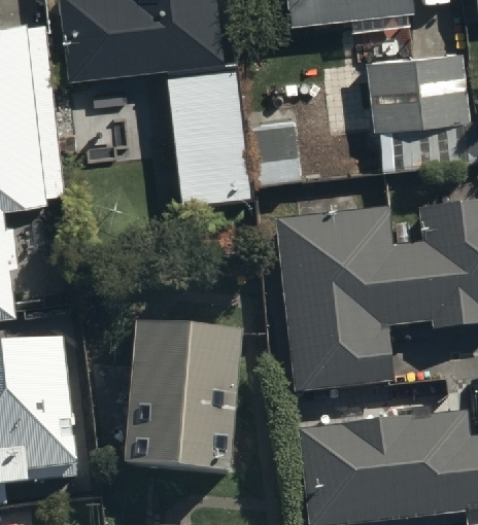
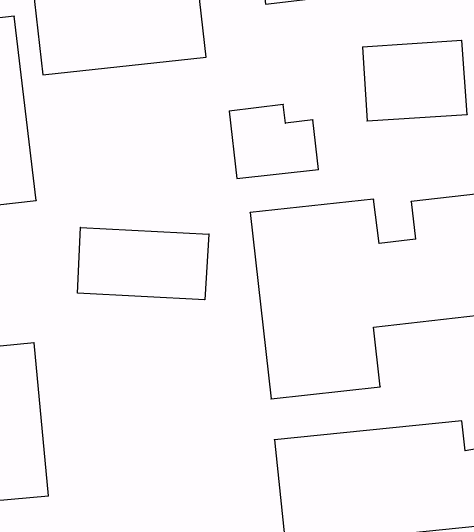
building: [169,74,254,205] -> none
building: none -> [78,227,209,300]
building: [110,317,228,463] -> none

